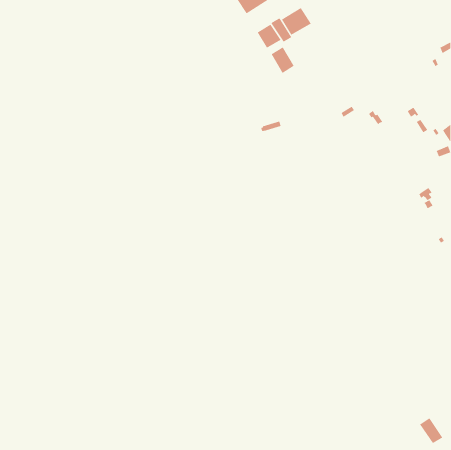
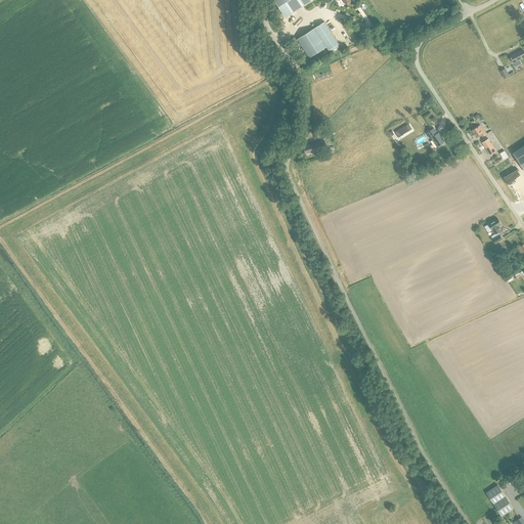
building: [281,7,312,36] -> none
building: [271,47,295,74] -> none

